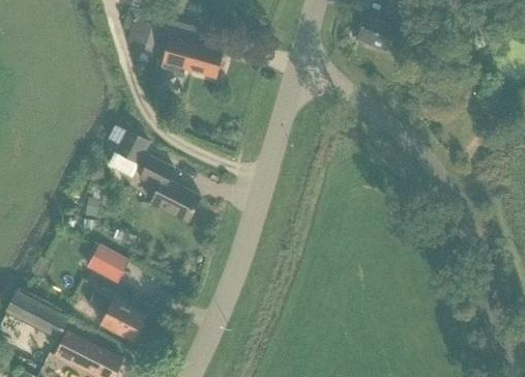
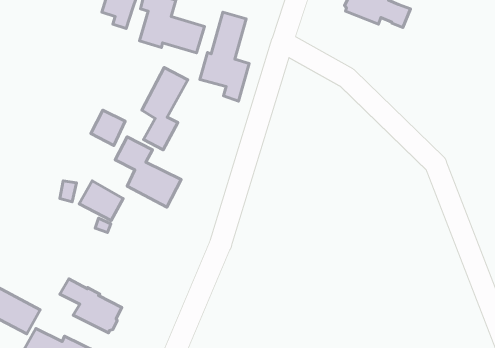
building: none -> [200,12,249,101]
building: none -> [142,67,188,150]
building: [87,244,128,282] -> [79,181,123,221]

